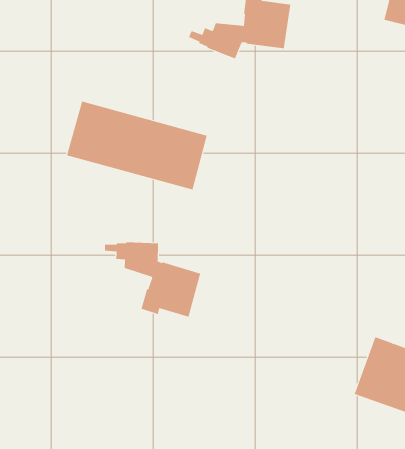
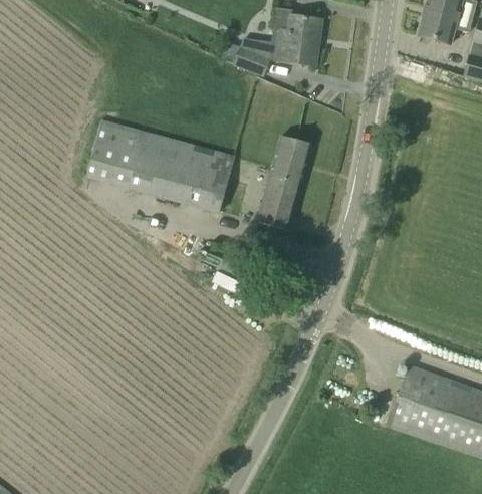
building: none -> [257,135,312,228]
building: [104,242,201,317] -> none

